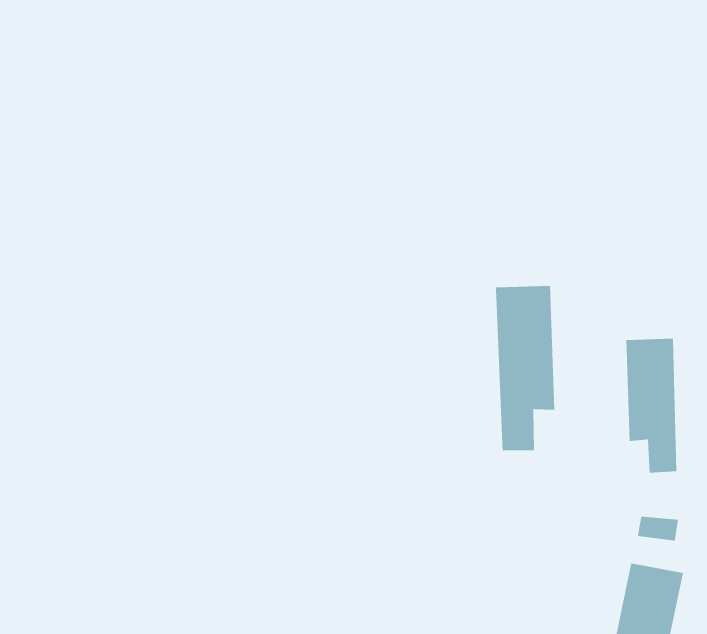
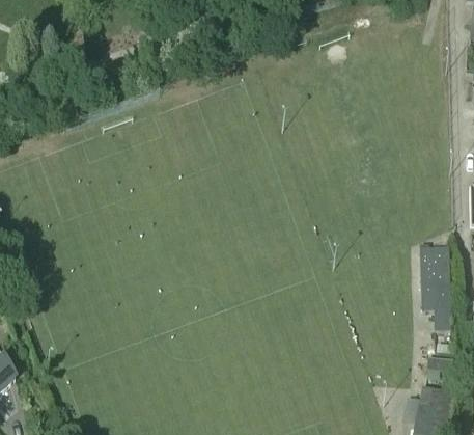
building: [495,285,555,451] -> none

